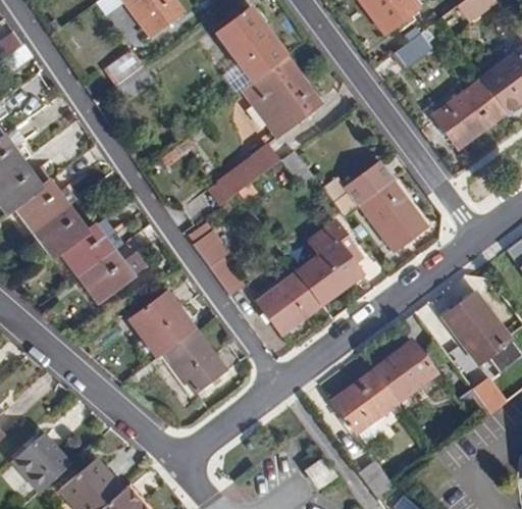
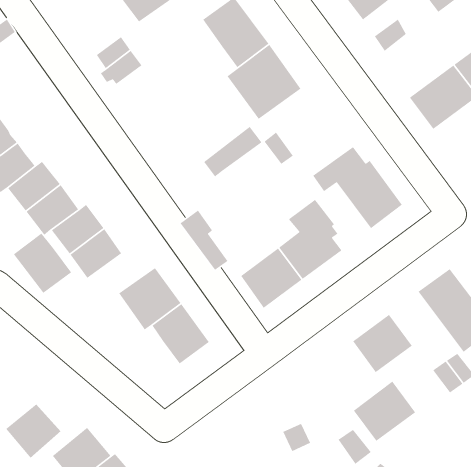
building: none -> [13,233,72,294]
building: [332,368,399,432] -> [353,380,416,442]

